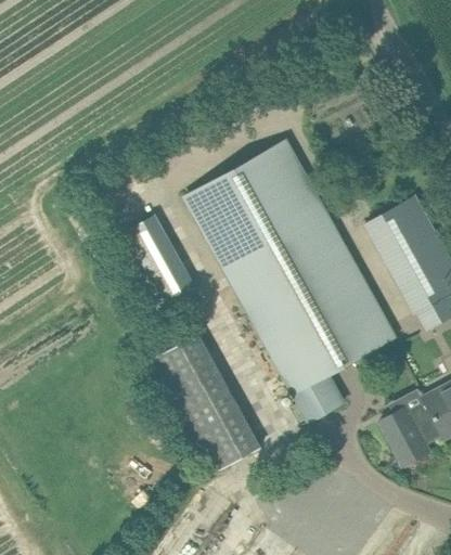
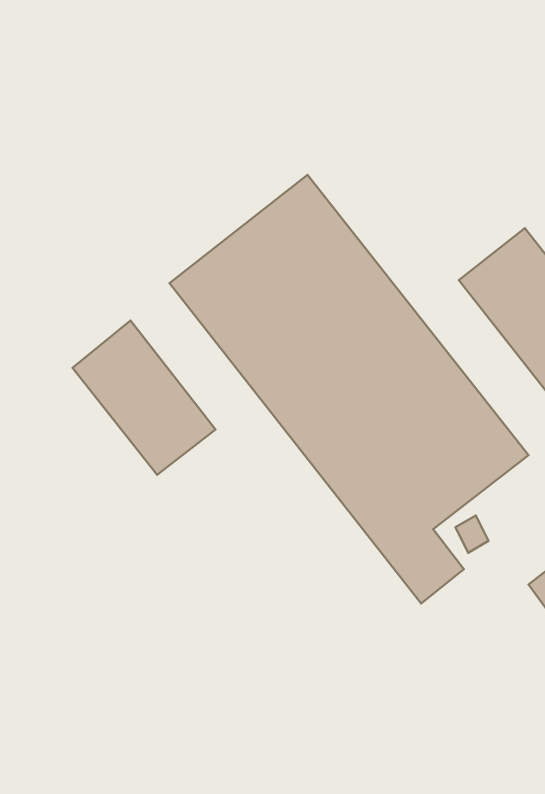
building: [156,332,263,473] -> none

